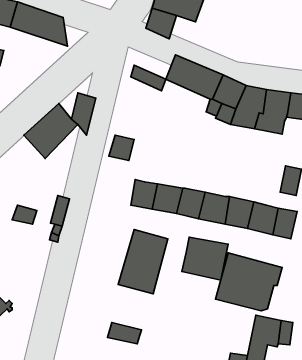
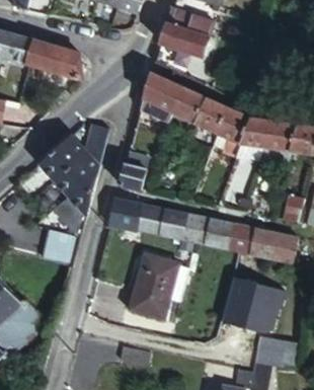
building: none -> [145,73,184,111]
building: none -> [60,155,99,217]
building: none -> [110,201,146,232]
building: [182,237,228,280] -> none

